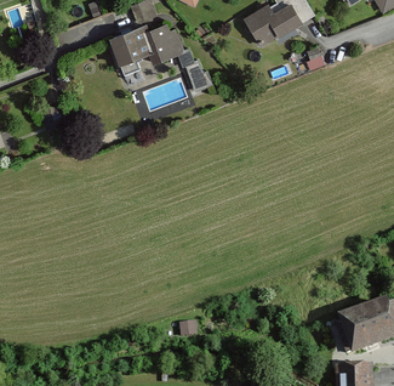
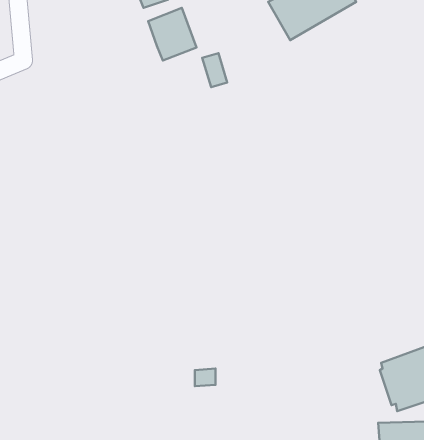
building: [109,24,150,63] -> none

